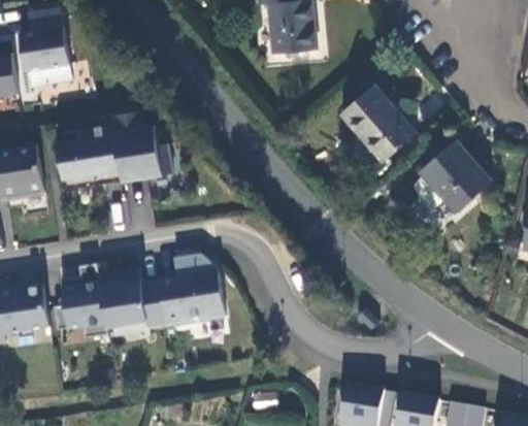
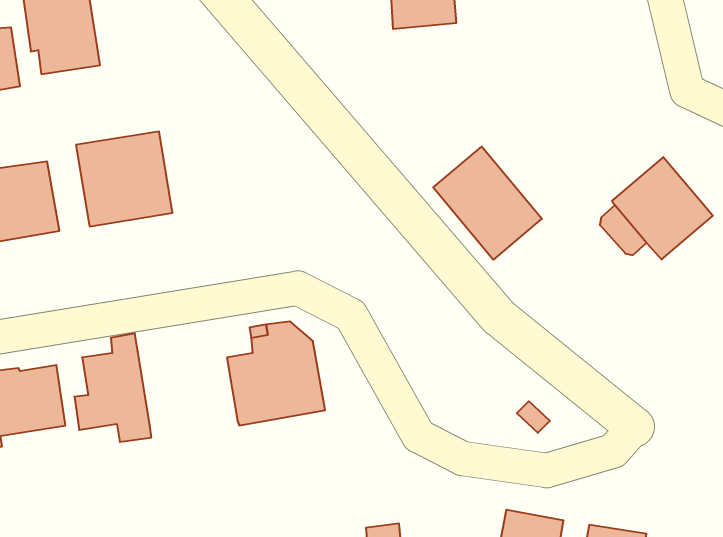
building: [340,85,415,162] -> [433,147,542,260]
building: [109,109,170,179] -> none
building: [96,267,164,325] -> none

